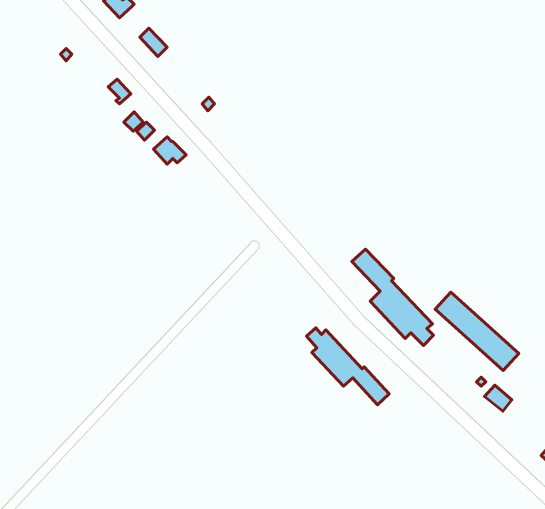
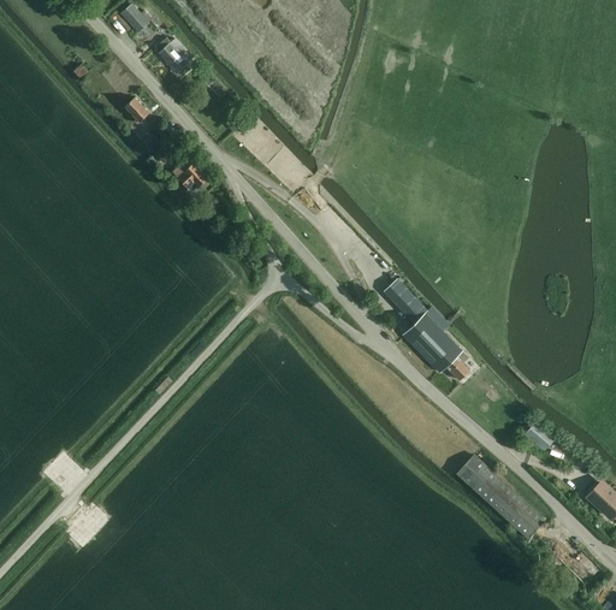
building: [435,292,519,370] -> [457,456,546,539]
building: [306,328,389,405] -> none

